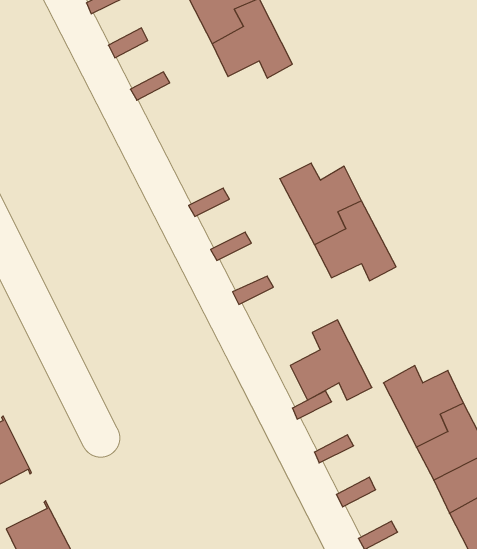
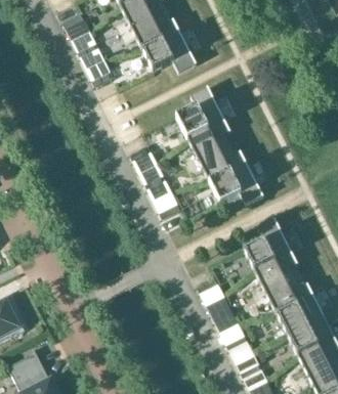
building: none -> [177,86,229,138]
building: [290,320,372,400] -> [244,218,297,270]

